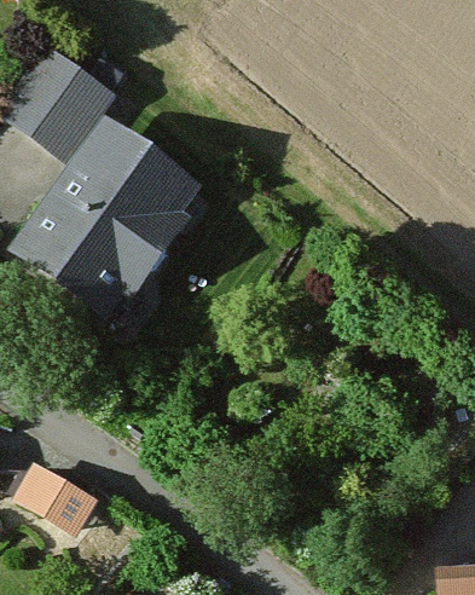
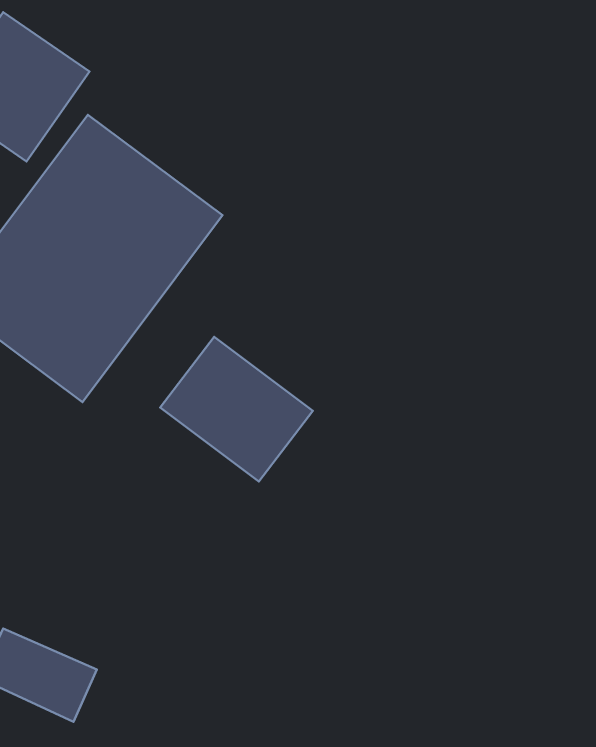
building: none -> [160,337,313,481]

